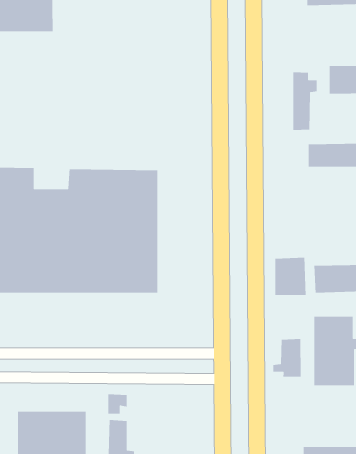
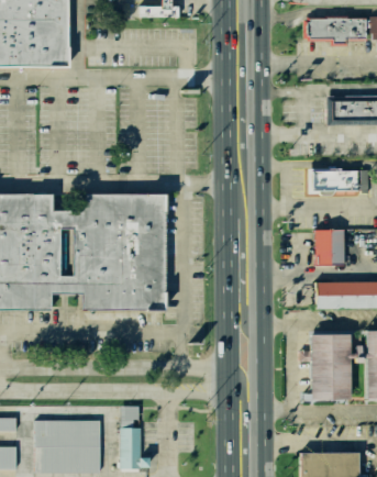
building: [292,72,318,131] -> none
building: [275,257,306,296] -> [313,230,343,266]
building: [273,338,302,377] -> none

